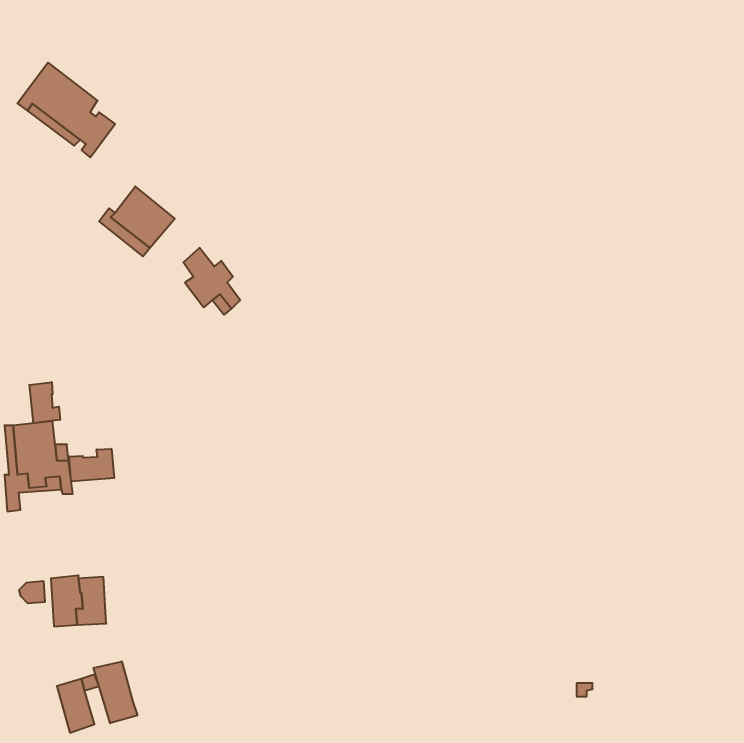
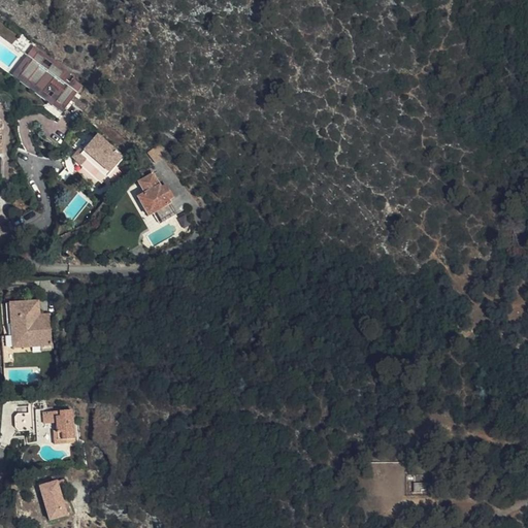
building: [29,382,60,423] -> none
building: [69,449,114,482] -> none
building: [94,661,137,723] -> none

